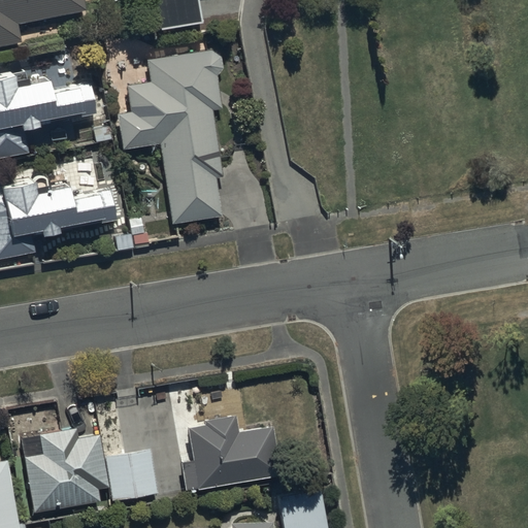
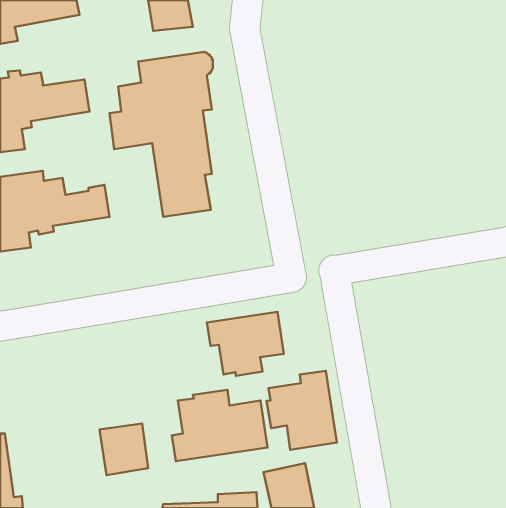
building: none -> [207,312,284,376]
building: none -> [267,371,337,450]
building: [24,420,106,501] -> none

